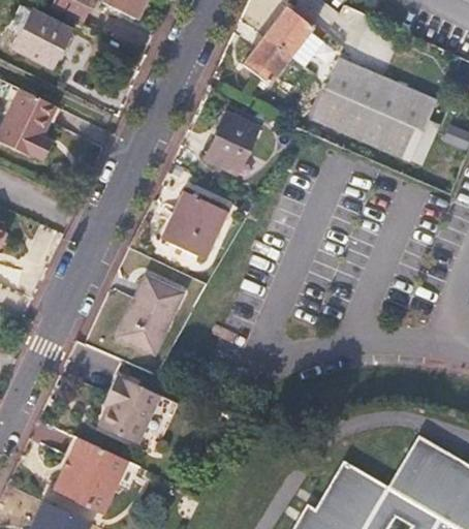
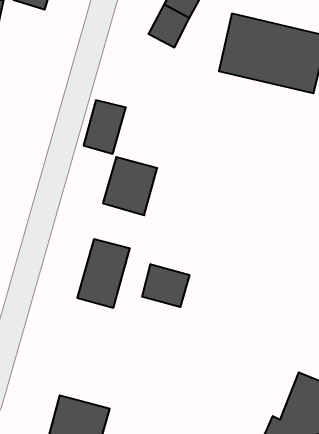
building: [206,113,258,174] -> [84,100,126,154]
building: none -> [142,264,189,307]
building: [98,376,163,445] -> none

